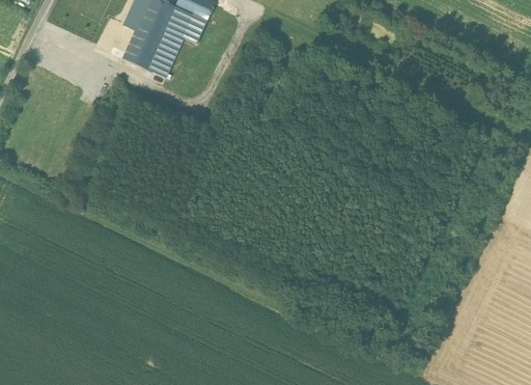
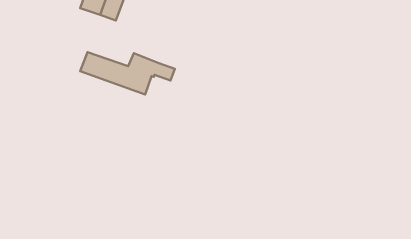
building: none -> [80,52,175,95]

